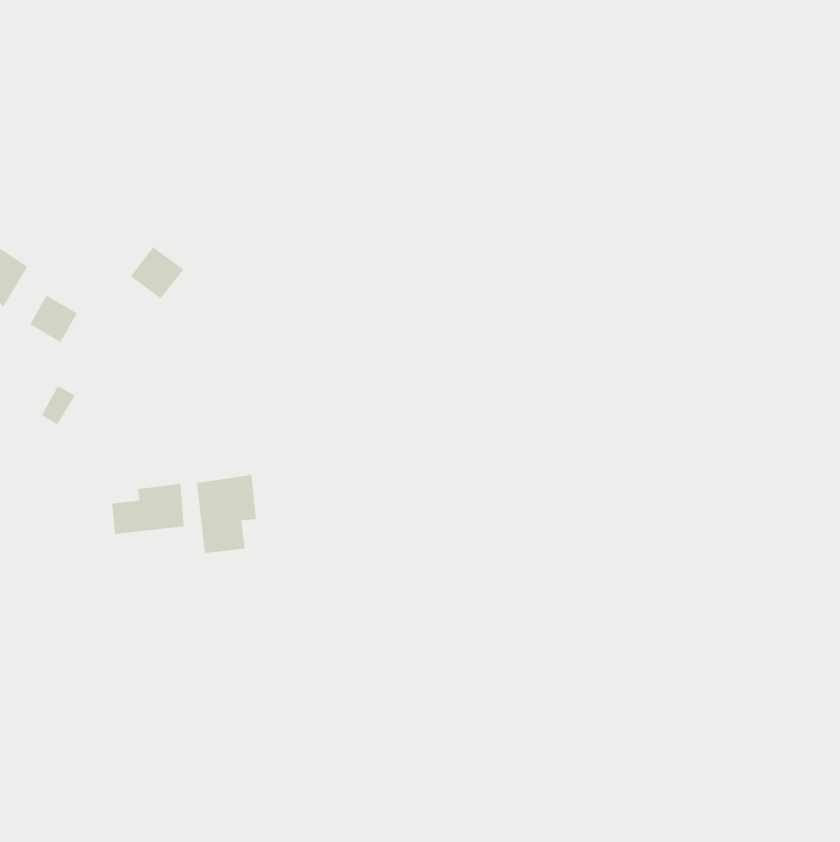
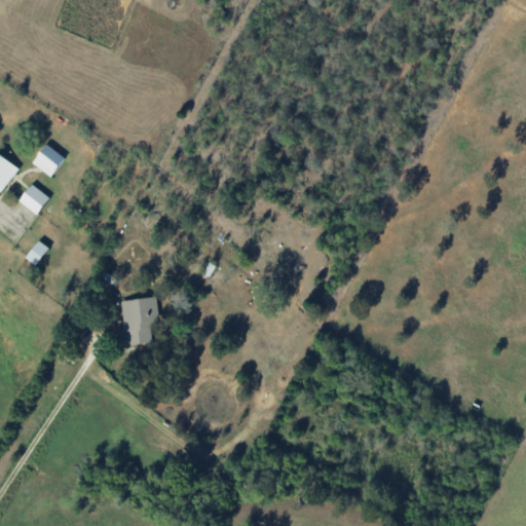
building: [130,246,184,299] -> [31,144,65,177]
building: [111,483,184,535] -> none

